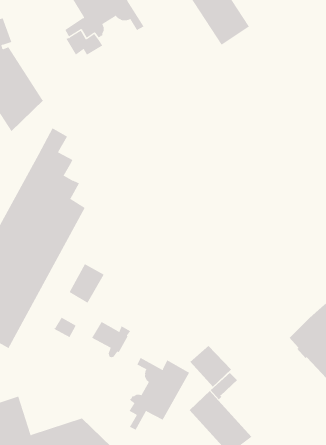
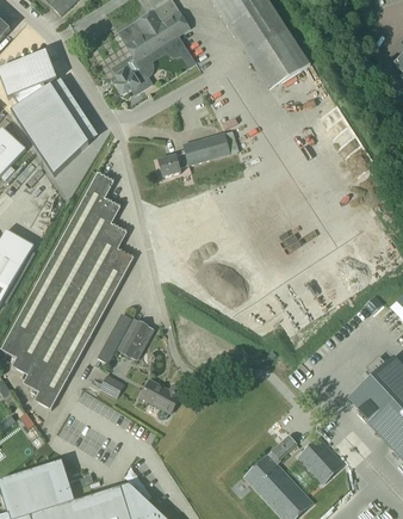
building: none -> [157,132,237,177]
building: [190,345,232,387] -> [297,438,342,483]
building: [129,357,190,430] -> none

